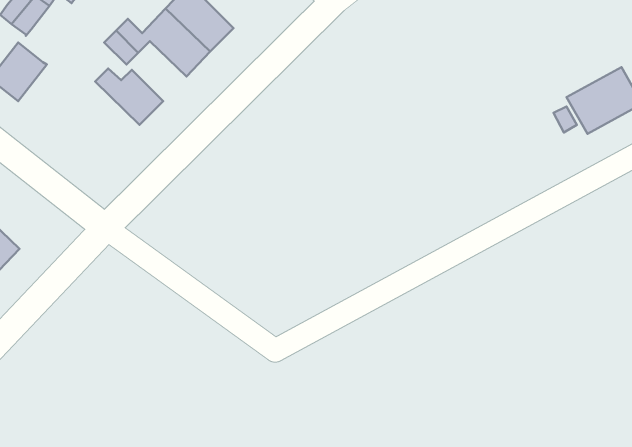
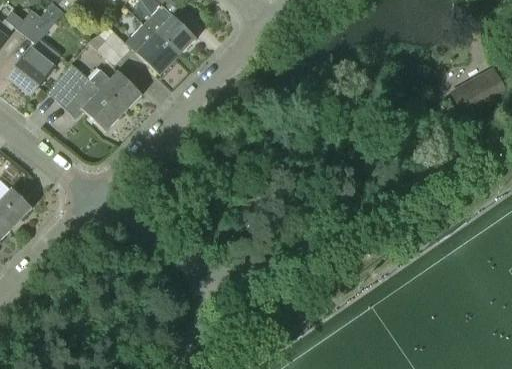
building: none -> [48,63,123,130]

